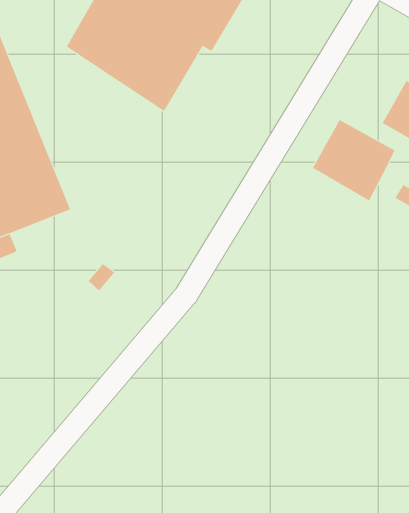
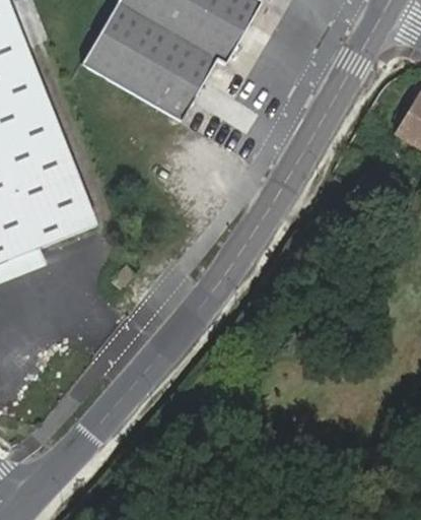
building: [312,119,395,201] -> none

